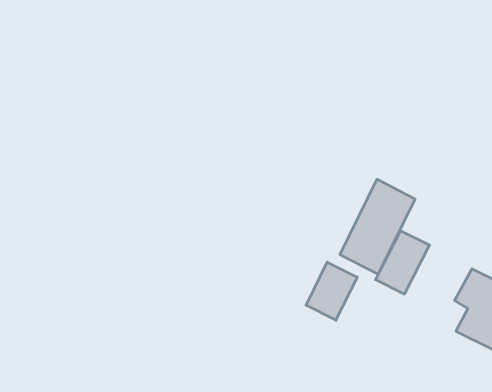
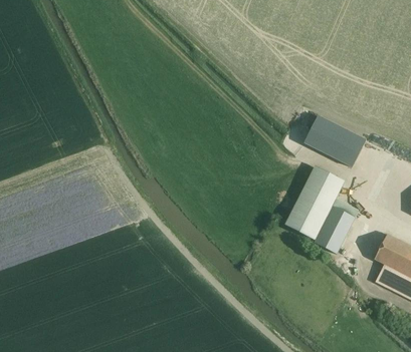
building: none -> [303,115,365,166]
building: [306,262,357,320] -> none

